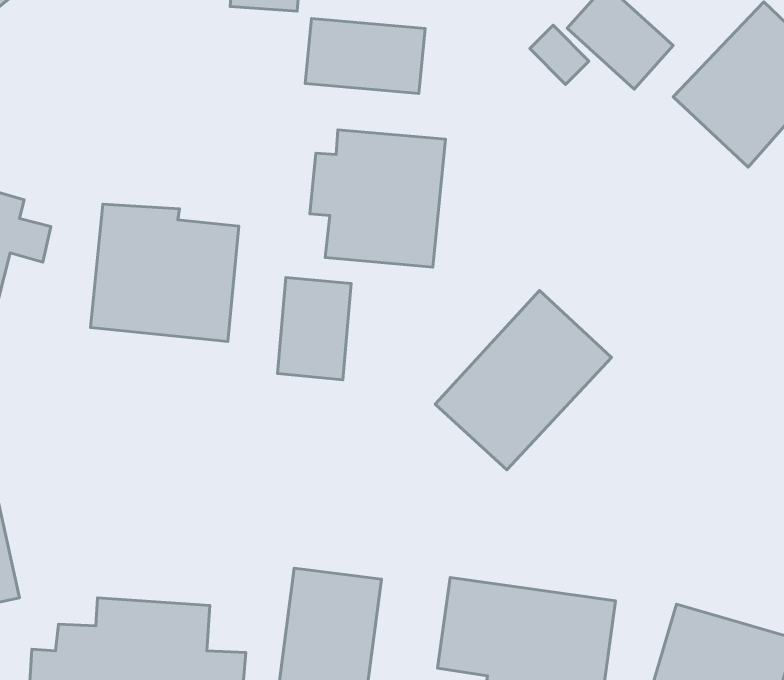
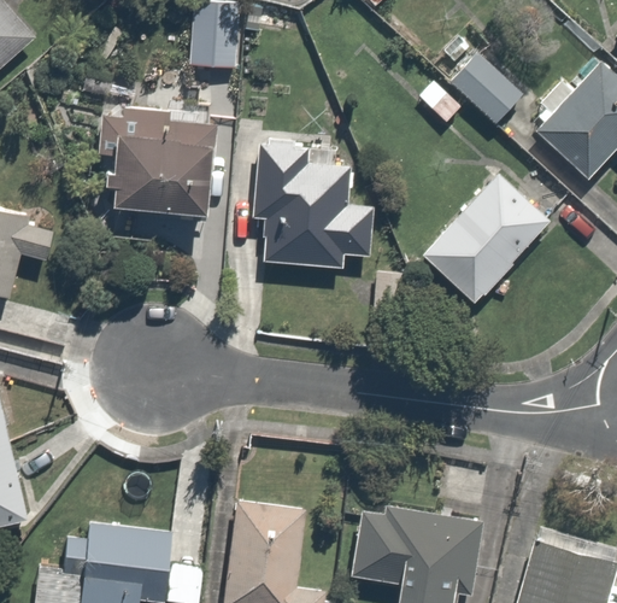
building: [305,18,425,93] -> none
building: [90,204,239,342] -> [104,109,218,215]
building: [278,277,351,380] -> none
building: [435,290,611,470] -> [419,166,556,305]

